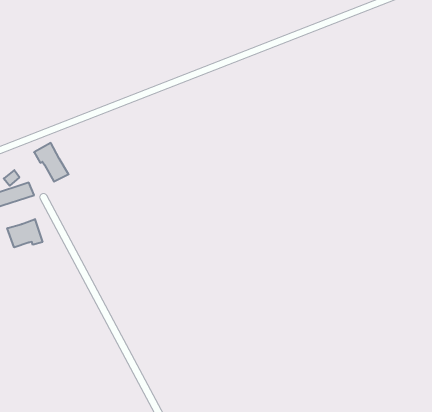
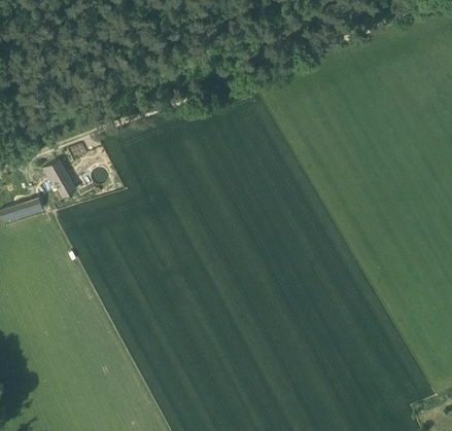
building: [7,219,42,247] -> none

